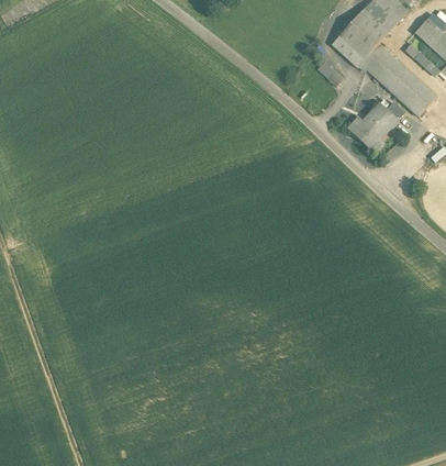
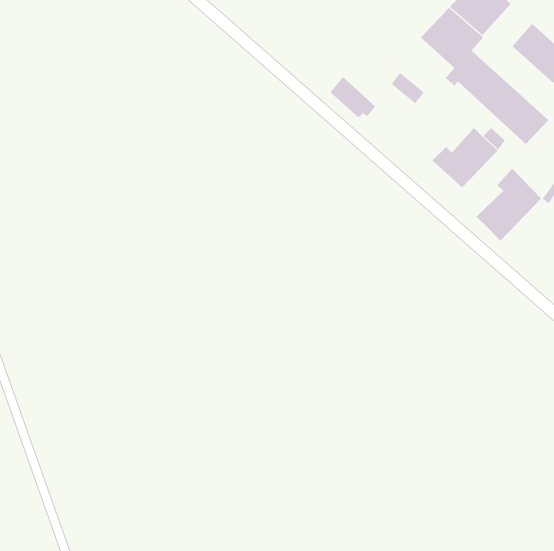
building: [328,34,364,66] -> [330,76,376,118]
building: none -> [475,168,542,242]

